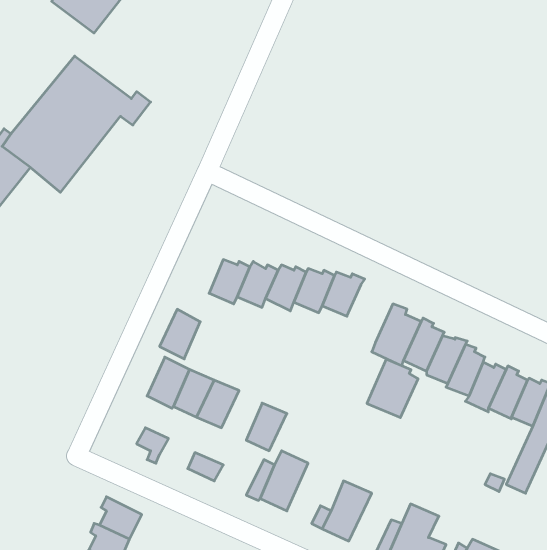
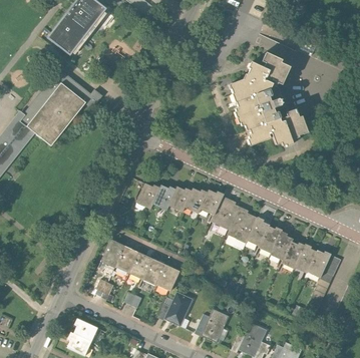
building: none -> [228,52,309,148]
building: [160,309,200,359] -> [143,258,166,286]
building: [367,359,418,418] -> [212,198,241,231]

